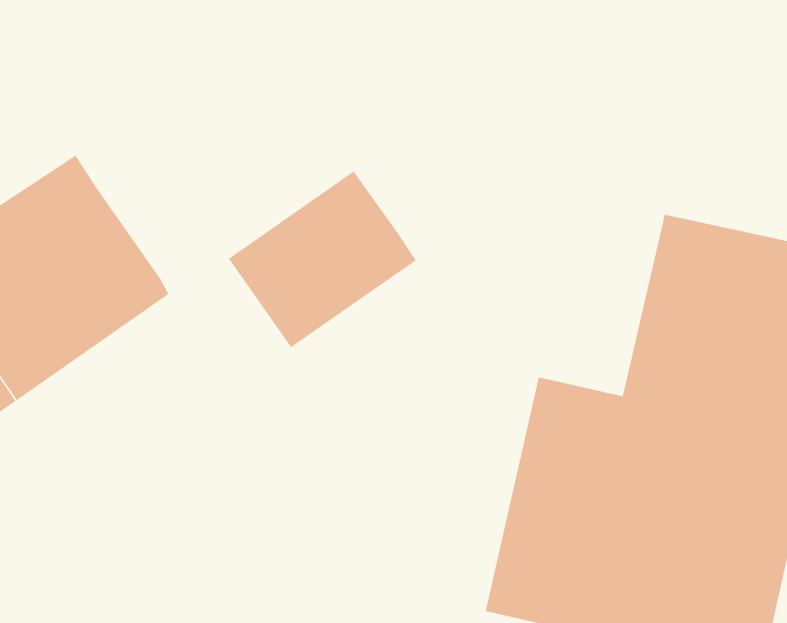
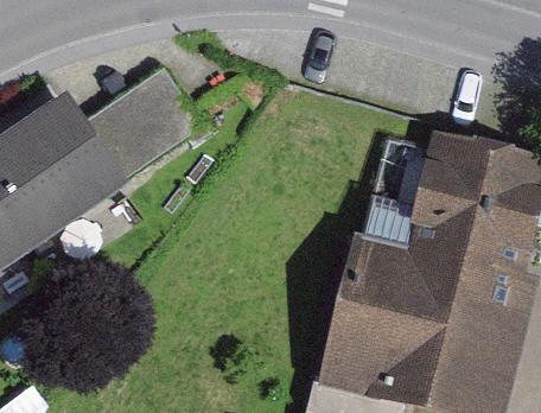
building: [228,171,417,348] -> [87,63,204,173]

